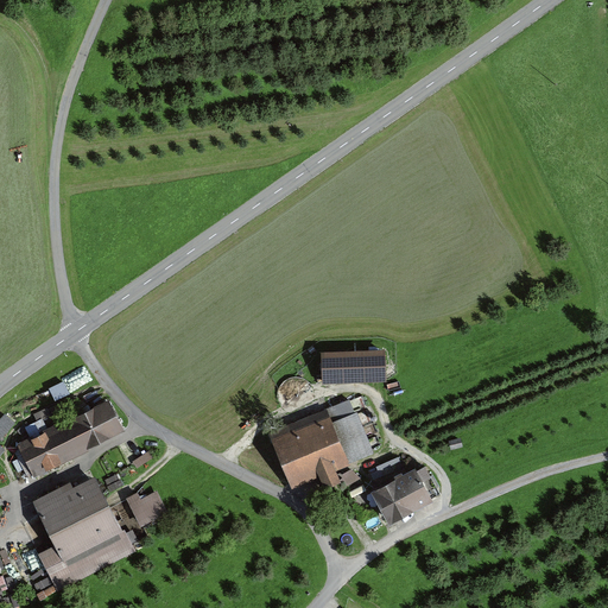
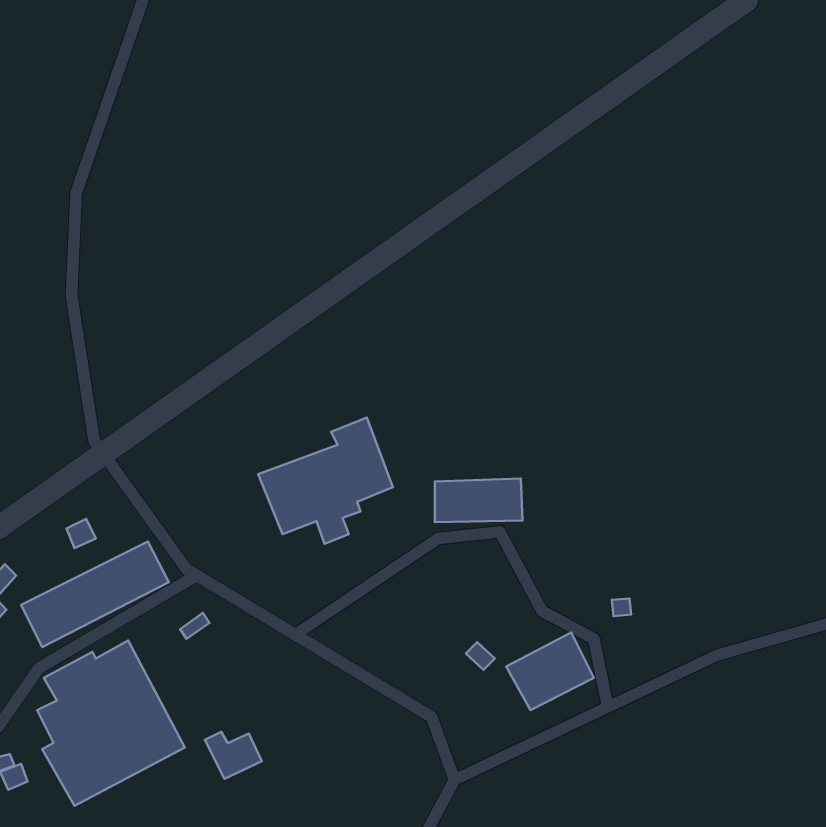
building: [272,400,370,493] -> [258,417,393,544]
building: [124,490,165,525] -> [205,732,262,779]

